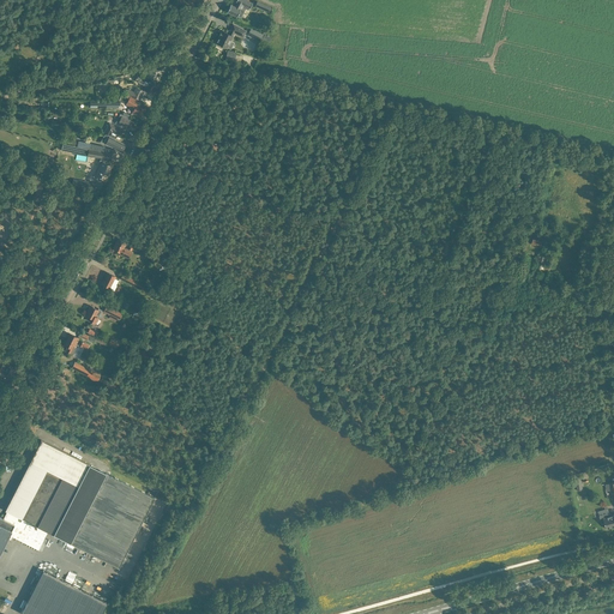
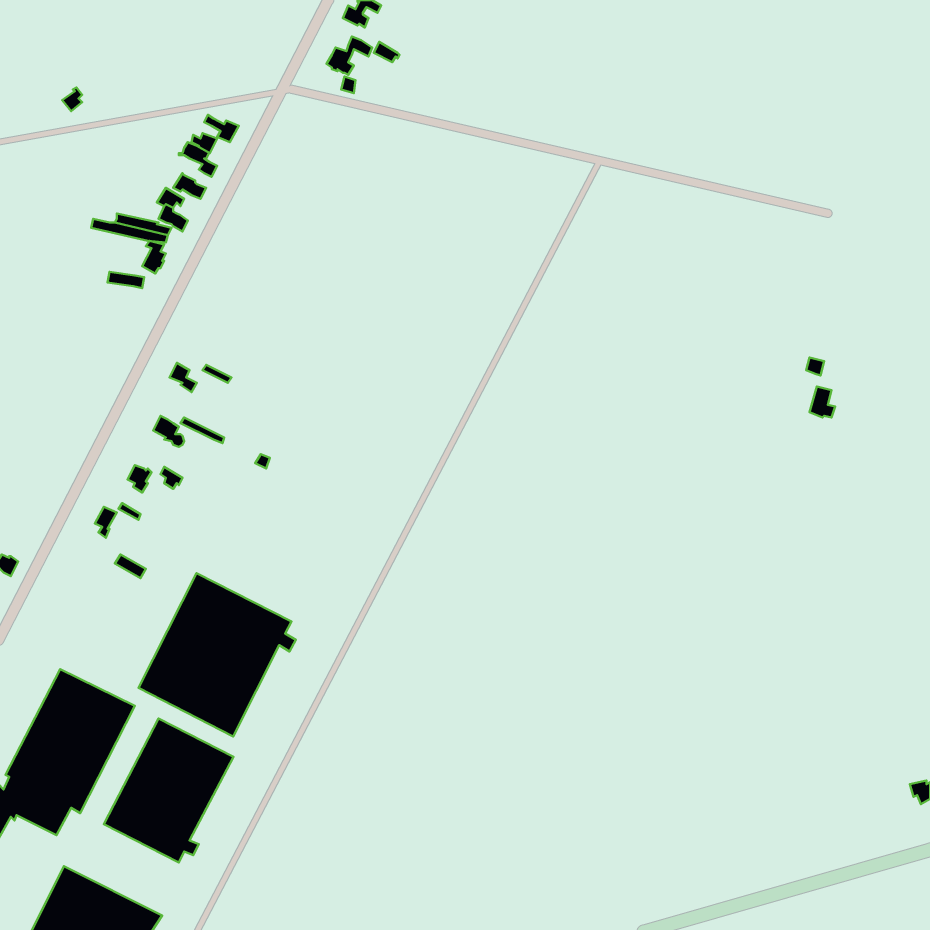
building: none -> [139,573,296,736]

